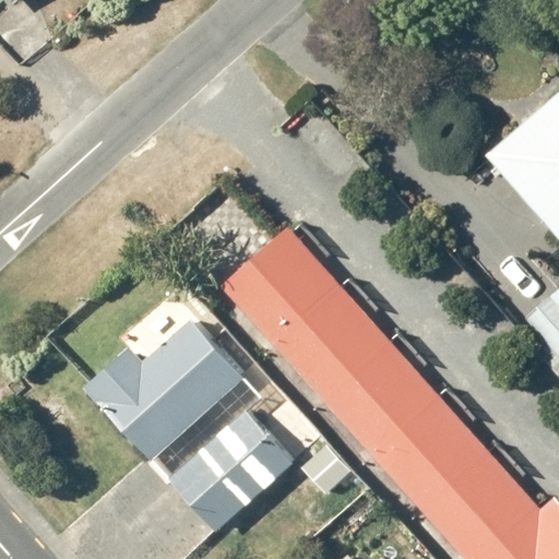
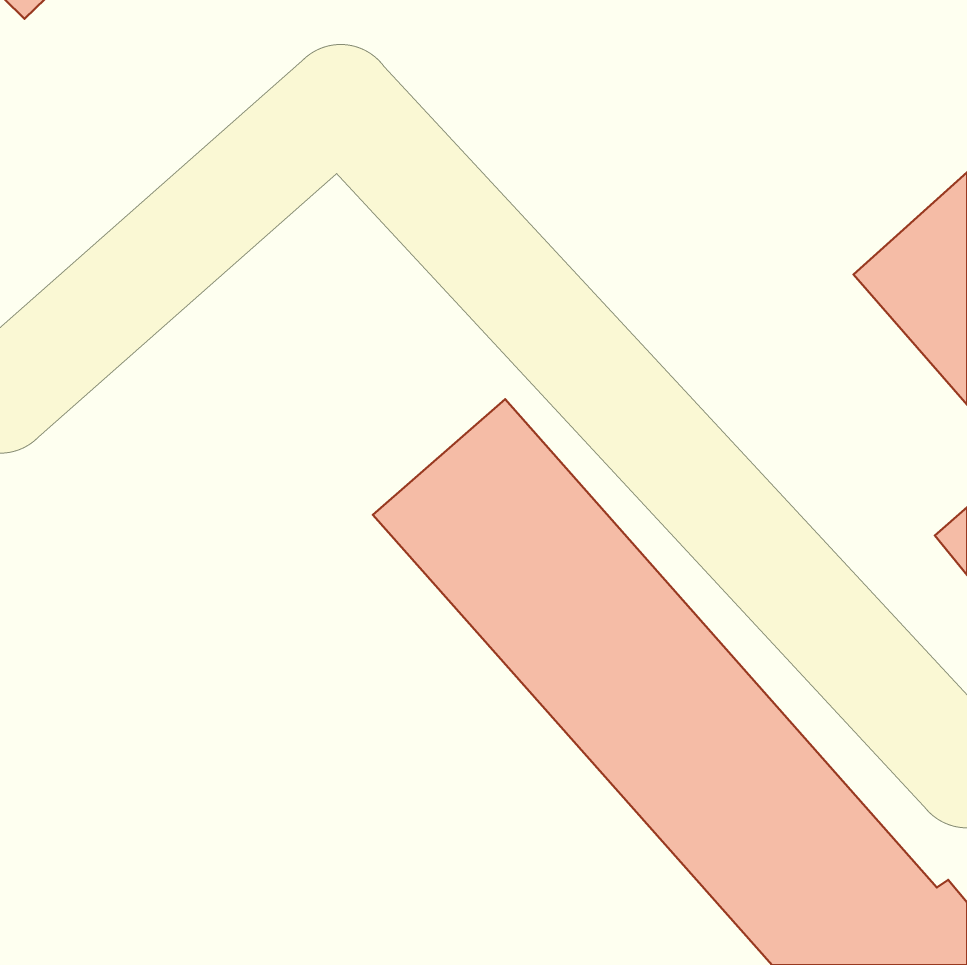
building: [106,311,298,521] -> none

